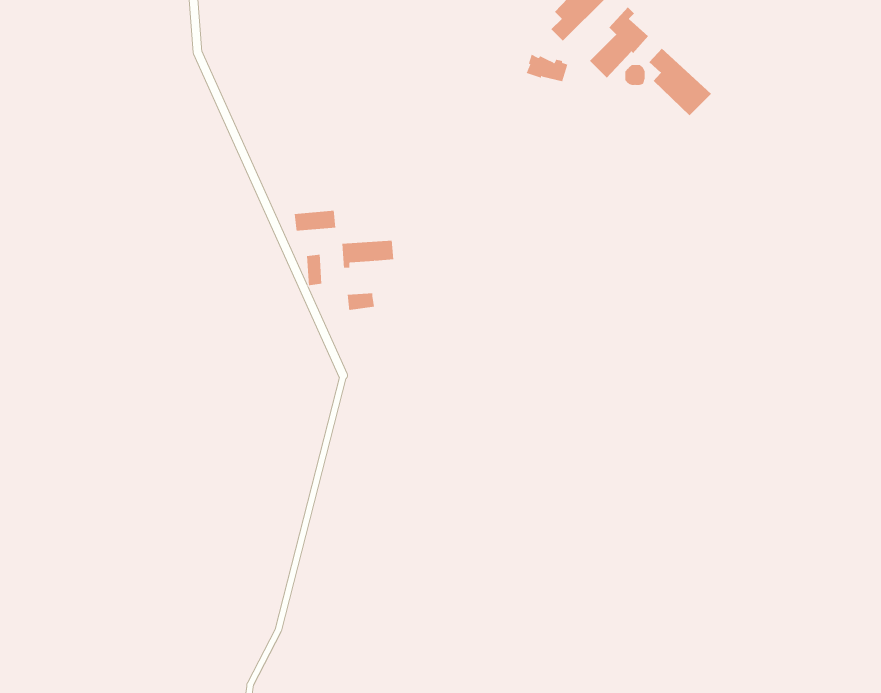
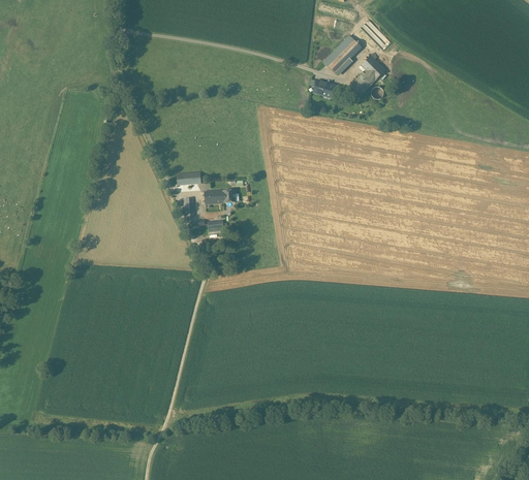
building: [649,48,712,116] -> none

